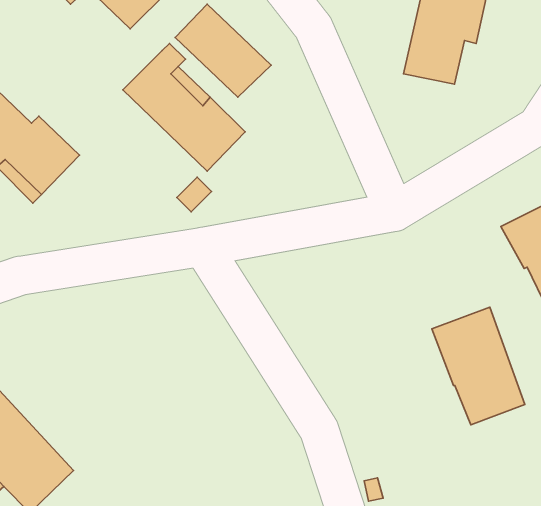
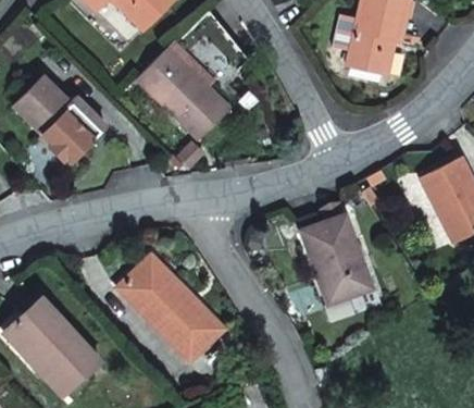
building: [432,307,525,425] -> [301,215,371,304]
building: none -> [117,257,221,360]

